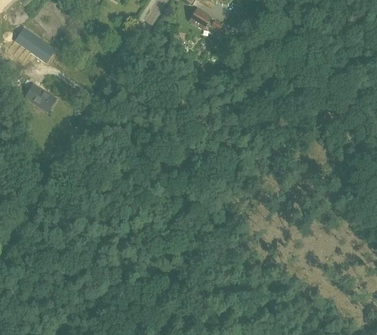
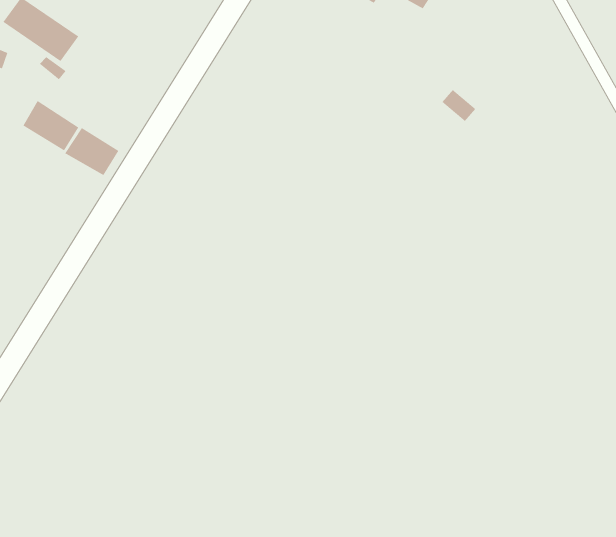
building: none -> [65,127,119,176]

